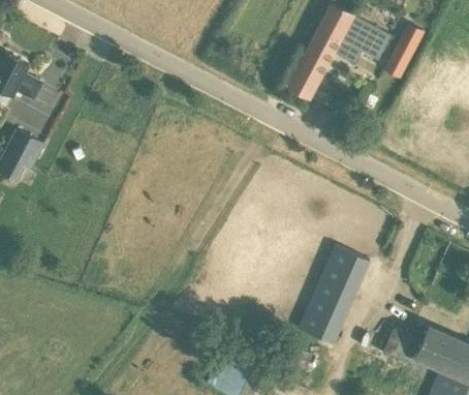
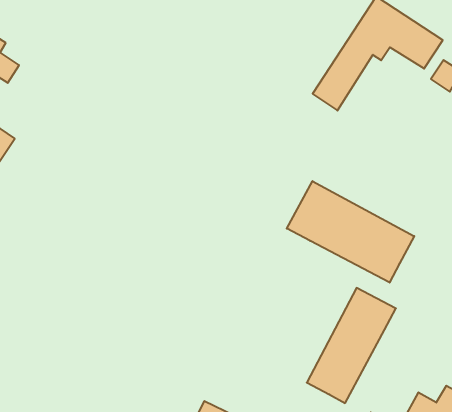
building: none -> [287,181,414,283]

